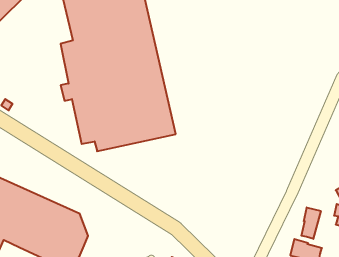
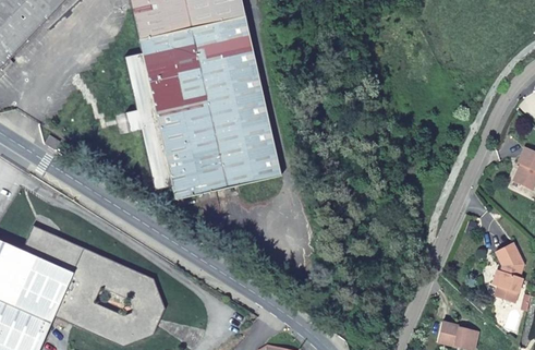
building: [301,207,321,239] -> none

